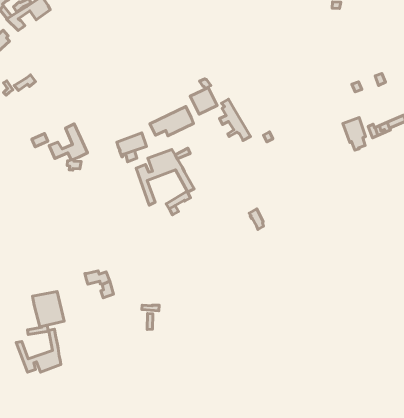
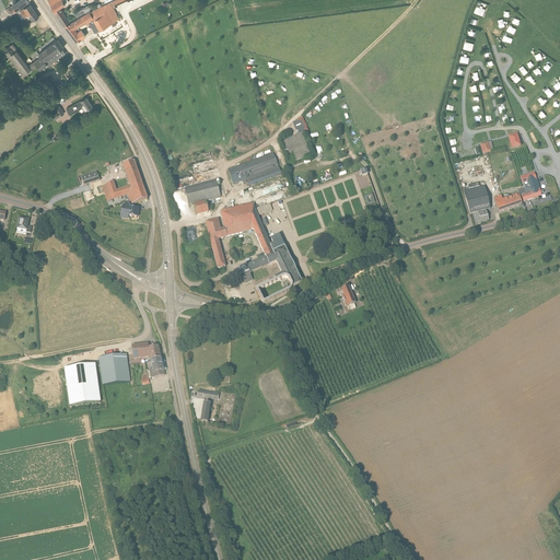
building: [219,99,251,141] -> [266,233,302,285]
building: none -> [98,352,130,384]
building: [16,325,61,372] -> none

